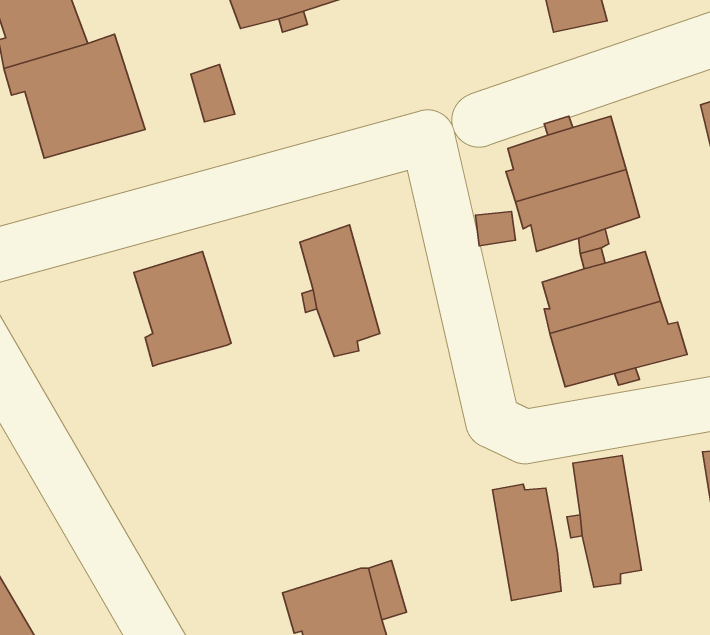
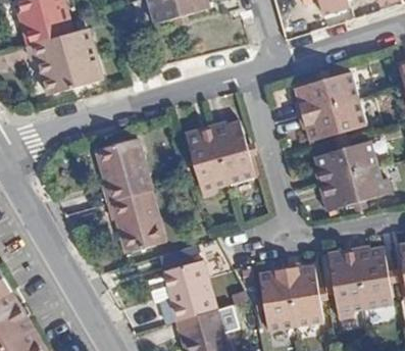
building: none -> [210,120,254,184]
building: none -> [108,190,159,251]
building: none -> [356,248,393,310]
building: none -> [163,261,216,322]
building: none -> [260,267,297,332]

